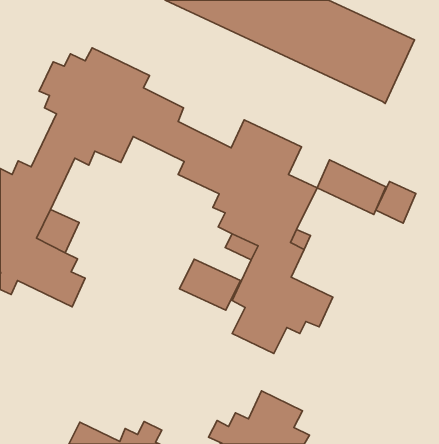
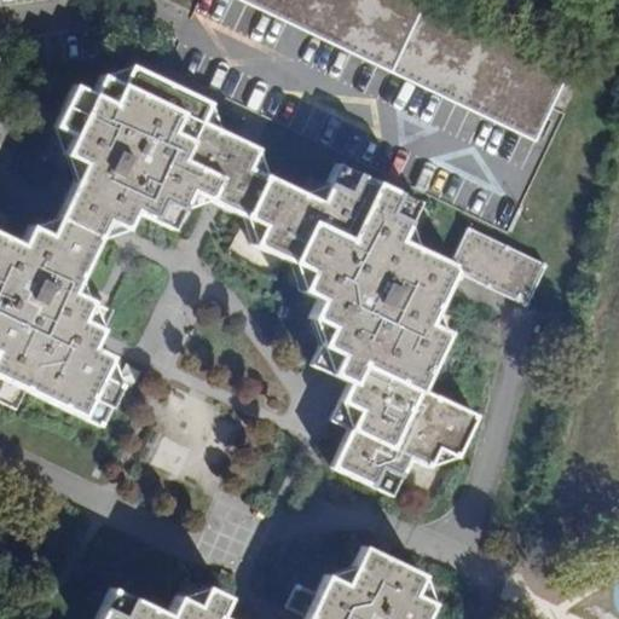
building: [376,182,416,223] -> none
building: [180,259,241,310] -> none

